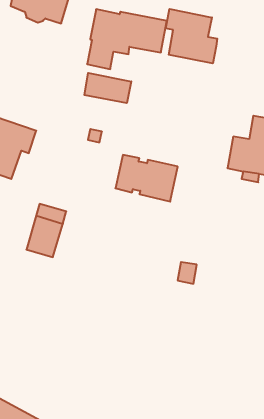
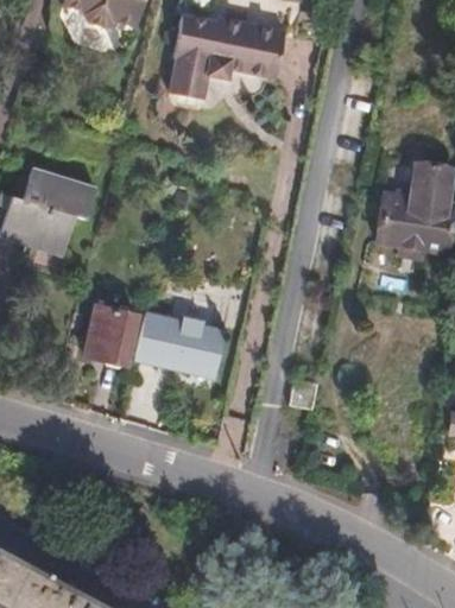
building: [166,9,217,63] -> none
building: [84,73,131,103] -> none
building: [115,155,178,202] -> [137,314,226,380]

